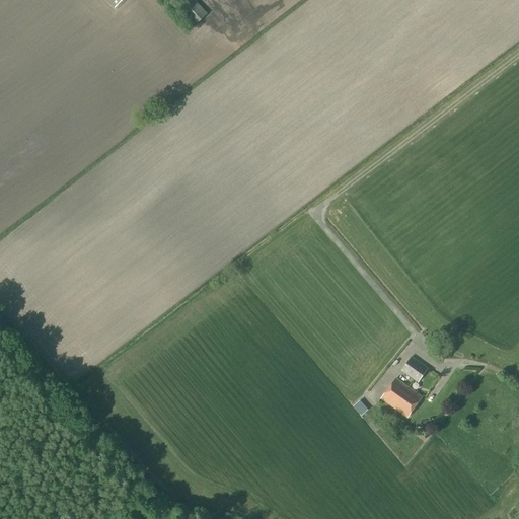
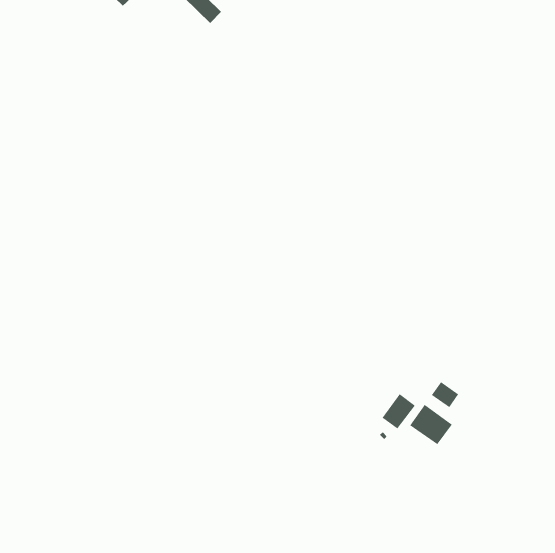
building: none -> [381,393,416,429]

